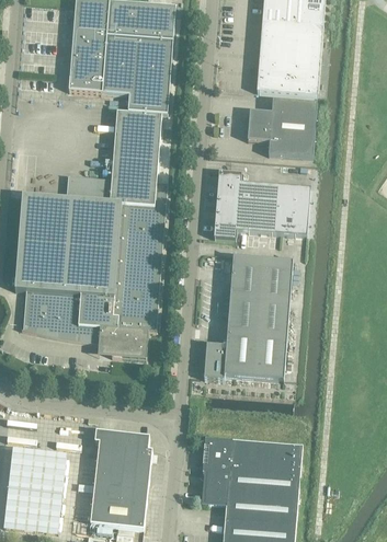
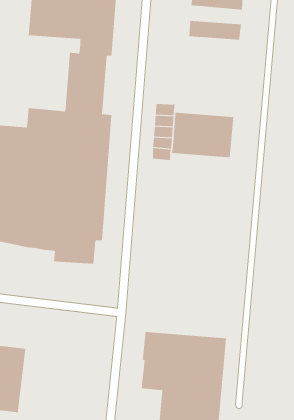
building: [258,56,320,78] -> none
building: [247,100,317,158] -> none
building: [203,254,293,381] -> none
building: [90,430,151,529] -> none

